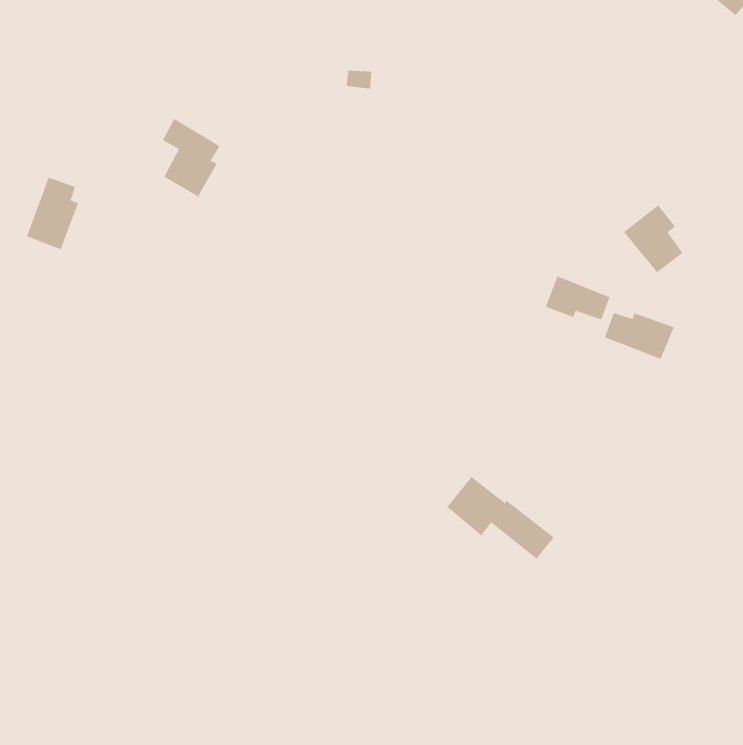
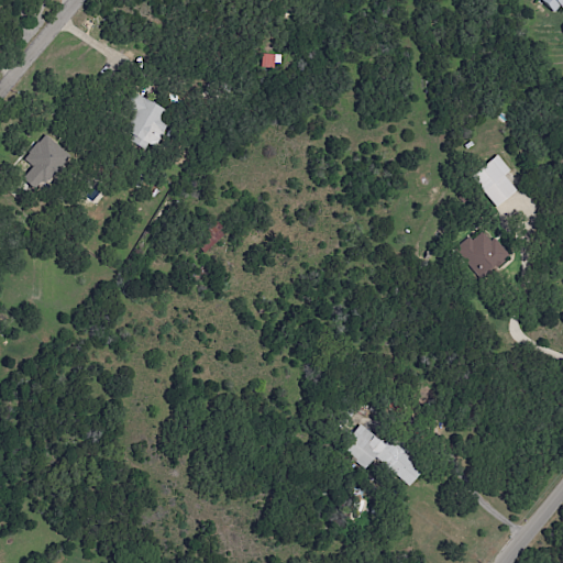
building: [545,276,610,320] -> none
building: [446,476,554,560] -> [342,423,423,486]

